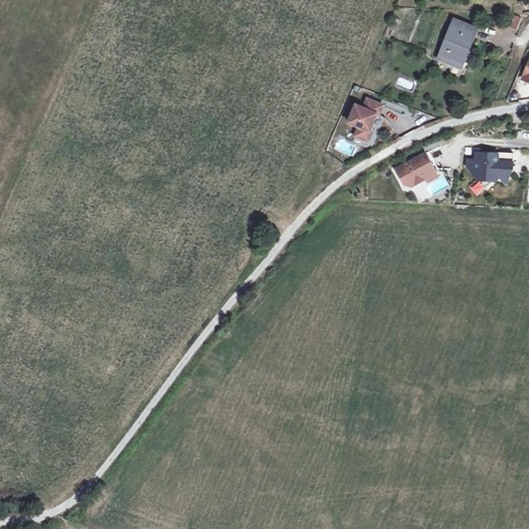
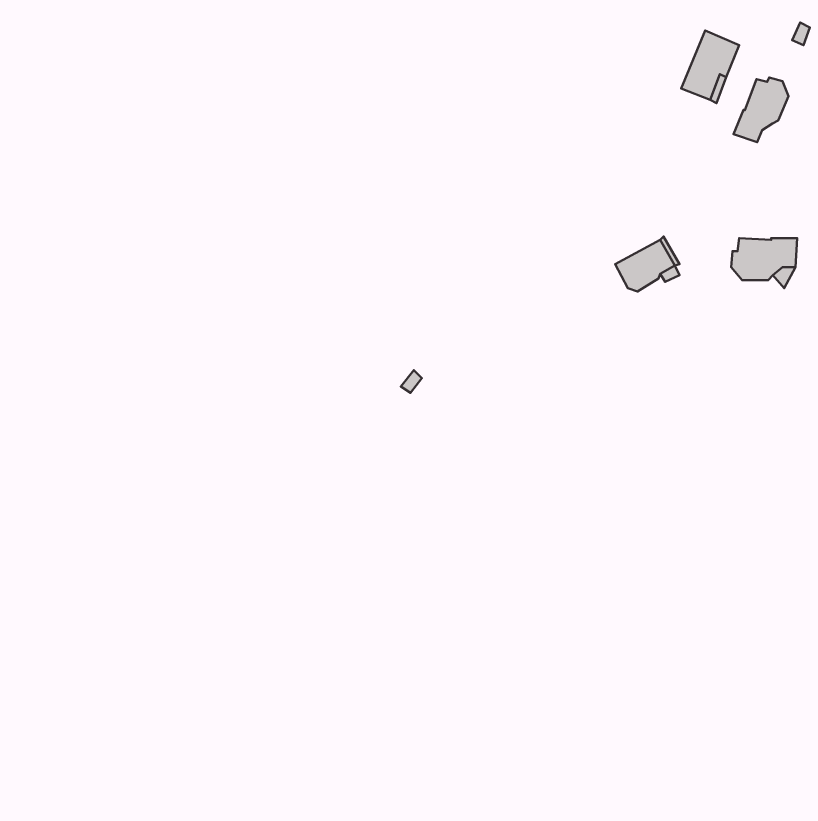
building: none -> [733,77,788,142]
building: [349,98,382,141] -> none

